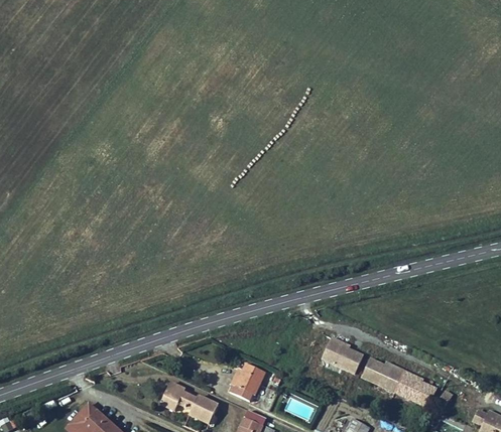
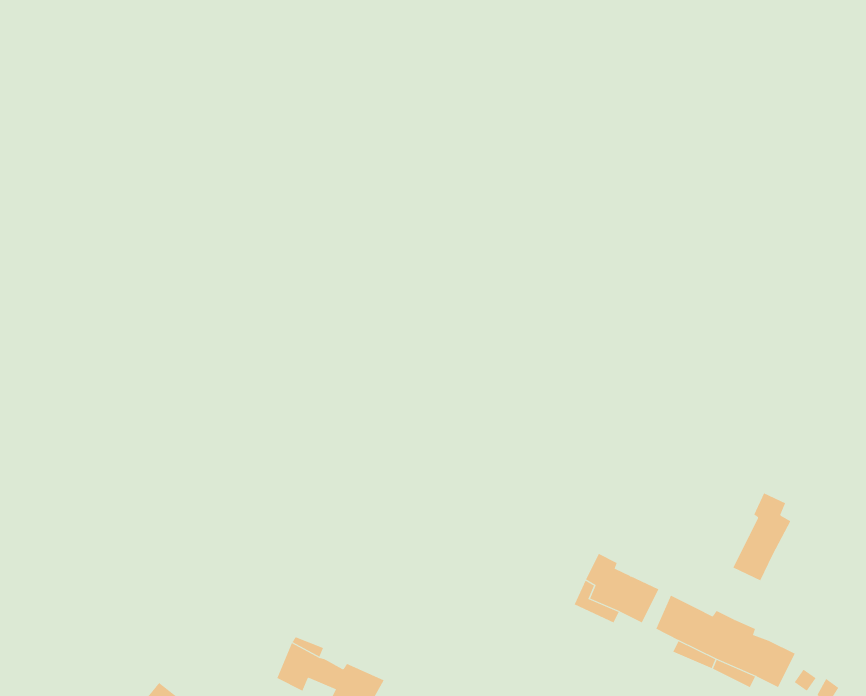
building: none -> [733,493,791,581]
building: [229,361,266,403] -> none

